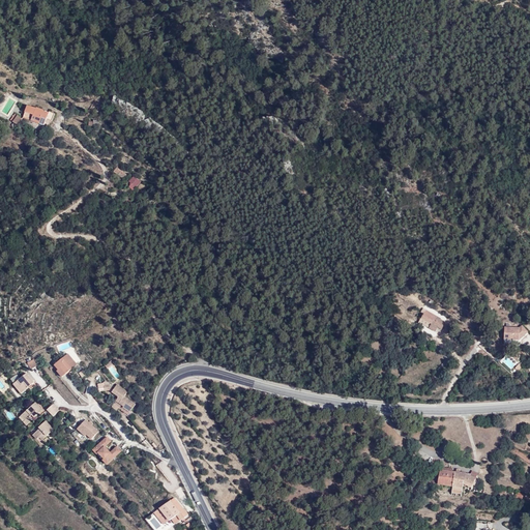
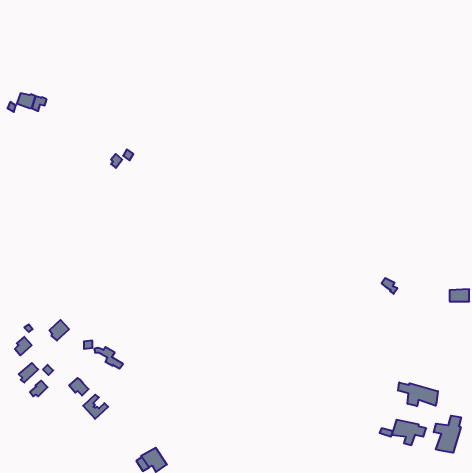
building: none -> [398,382,438,406]
building: none -> [434,416,461,453]

